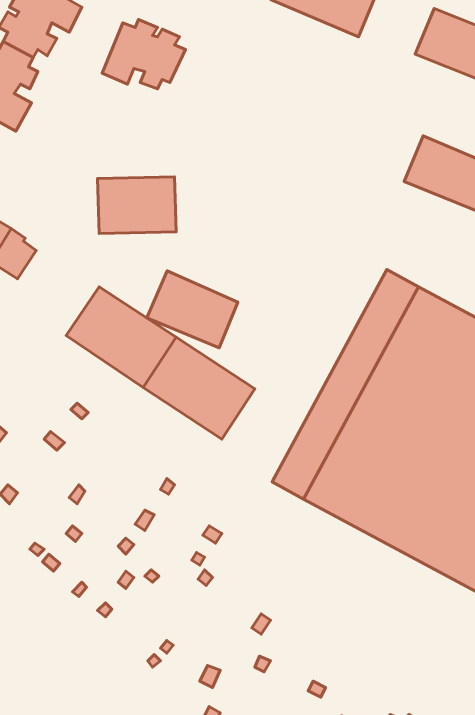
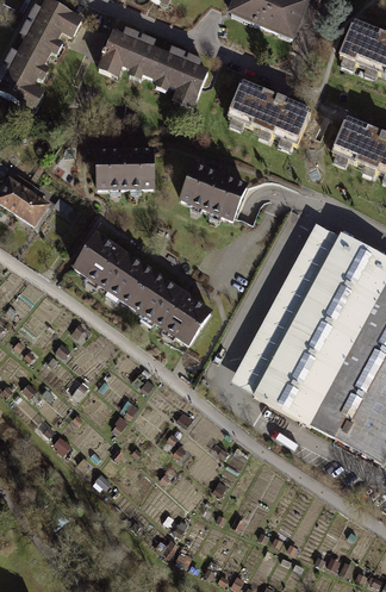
building: none -> [150,48,210,110]
building: none -> [225,81,307,144]
building: [147,271,238,348] -> [180,162,249,220]

